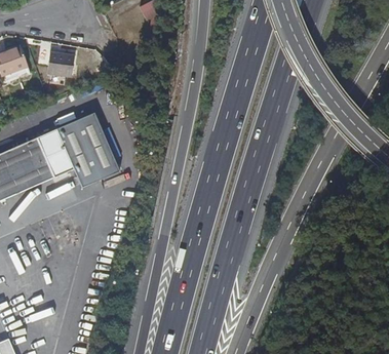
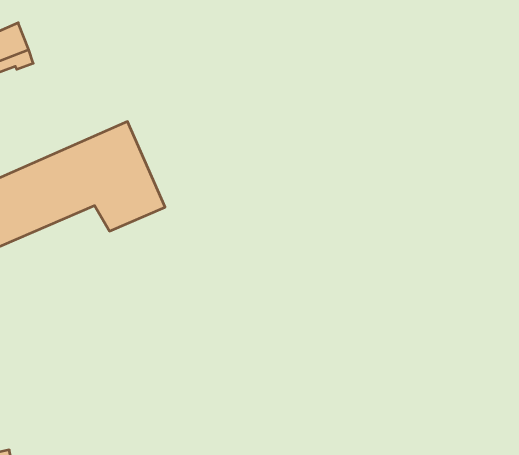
building: [46,50,73,75] -> none

